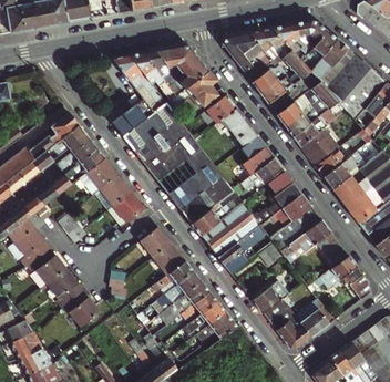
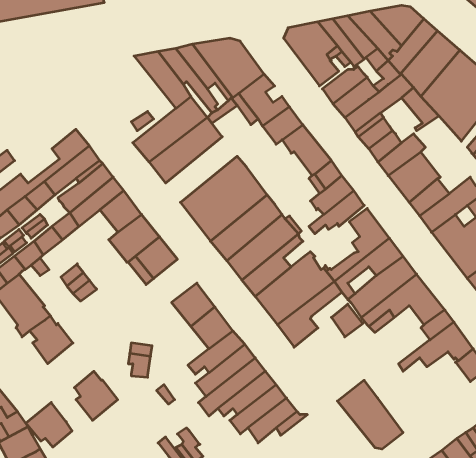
building: [135,117,188,166] -> none
building: [48,270,82,303] -> [26,402,72,447]
building: [252,279,289,313] -> none
building: [292,295,335,337] -> none

